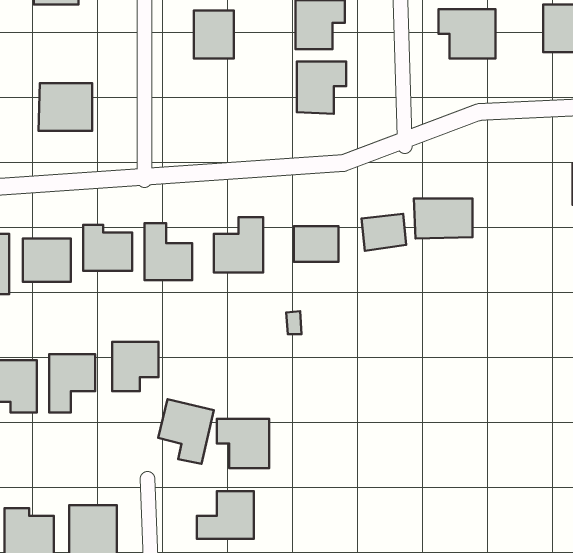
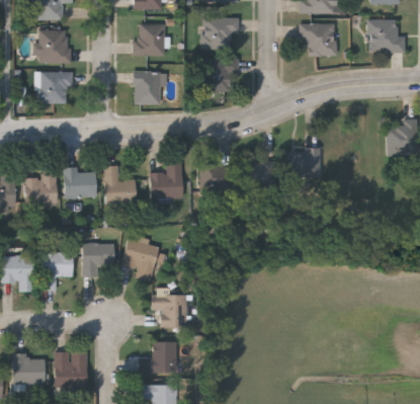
building: none -> [38,31,70,65]
building: none -> [133,73,160,105]
building: [158,399,214,464] -> [123,238,160,280]

